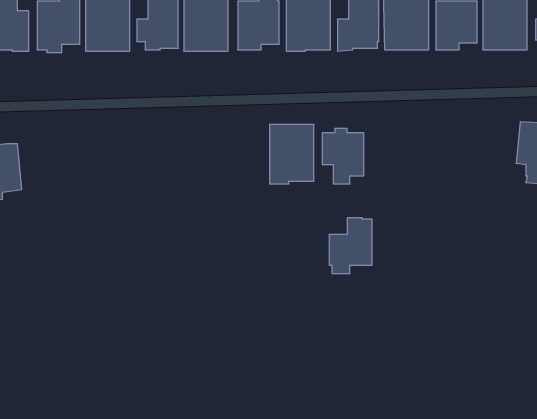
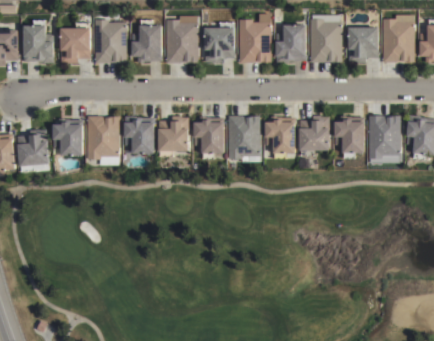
building: none -> [87,115,121,164]
building: none -> [125,115,155,153]
building: none -> [159,115,189,156]
building: none -> [368,115,401,157]
building: none -> [194,118,224,158]
building: none -> [334,118,364,158]
building: none -> [53,119,83,154]
building: [329,218,372,273] -> [298,115,329,155]

